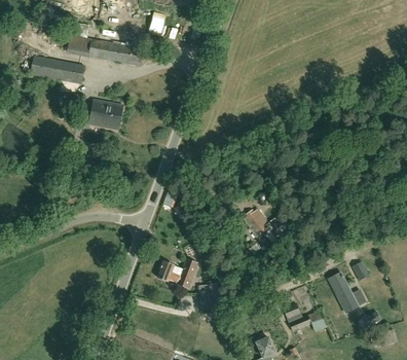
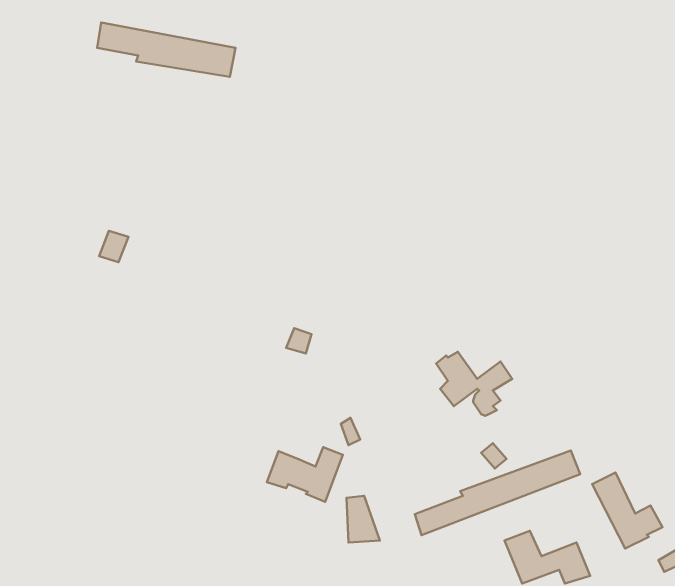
building: [31,56,85,84] -> none
building: [89,100,123,130] -> none
building: none -> [415,450,580,535]

